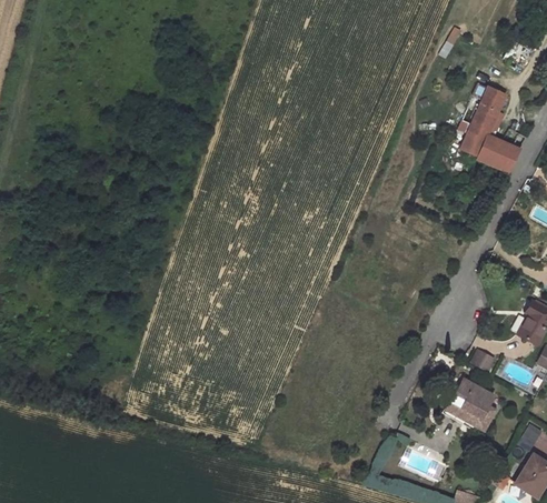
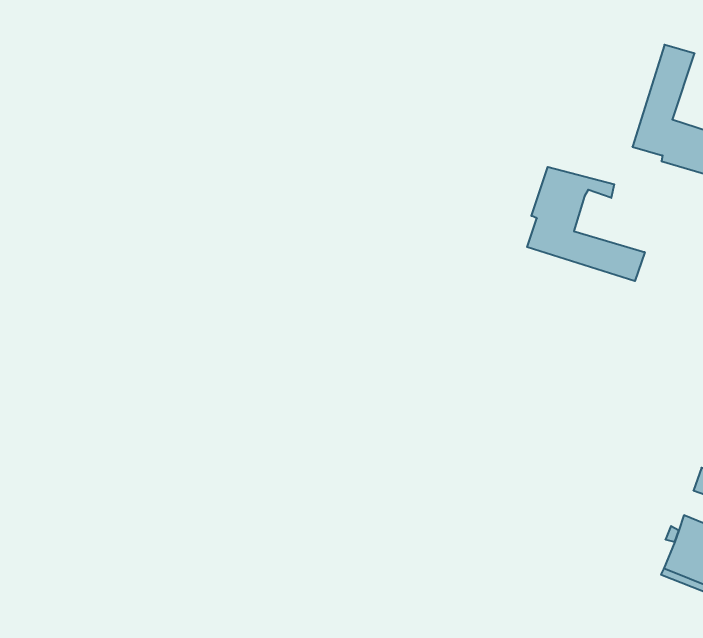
building: none -> [527,167,645,281]

